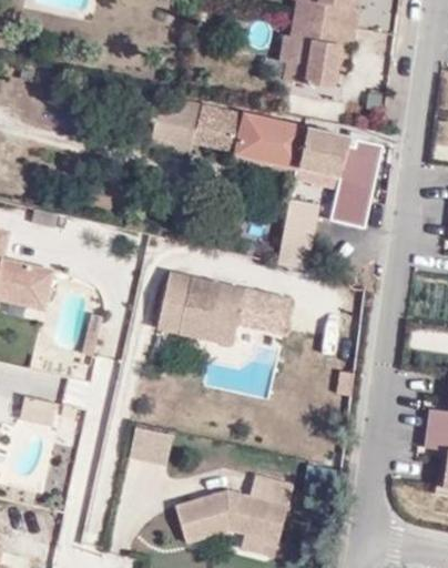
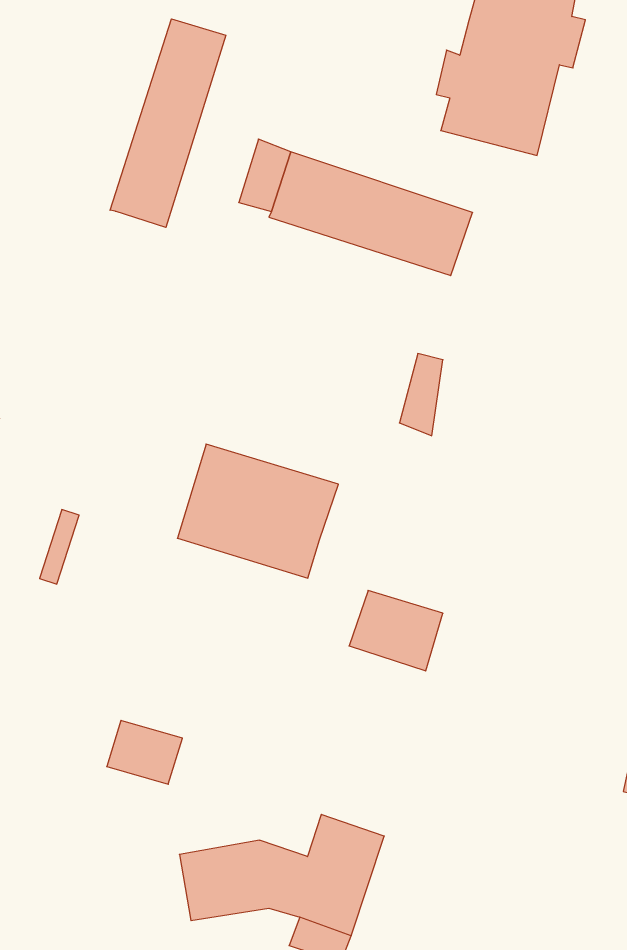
building: none -> [110,19,226,227]
building: [298,128,342,173] -> none
building: [329,144,379,225] -> none
building: [238,287,289,329] -> [349,590,443,671]

